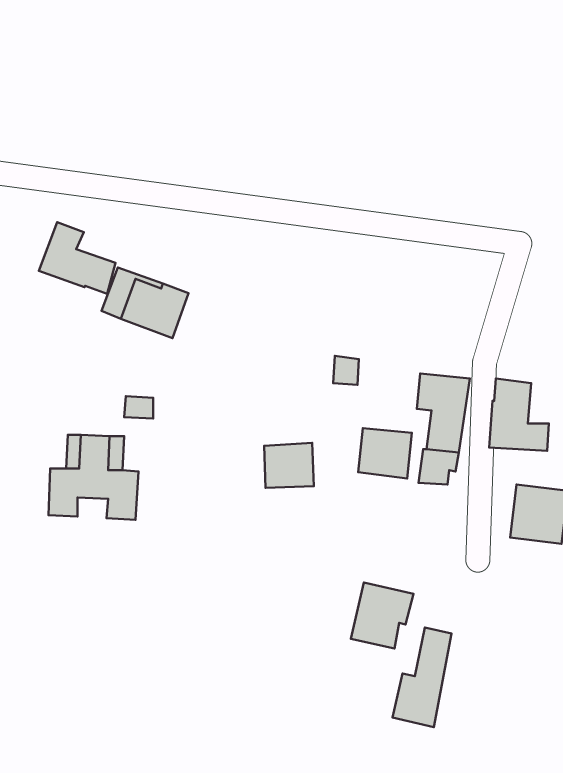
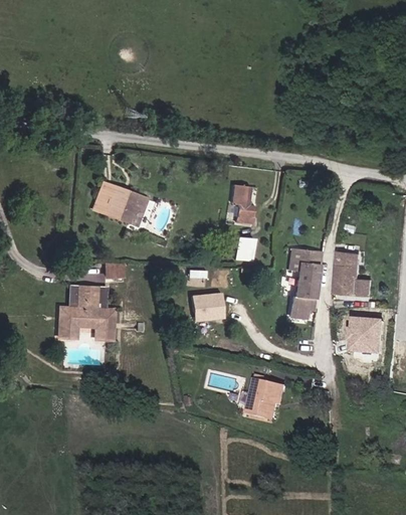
building: [39,222,116,294] -> none
building: none -> [230,184,254,224]
building: [358,428,412,479] -> none
building: [392,628,452,727] -> none

